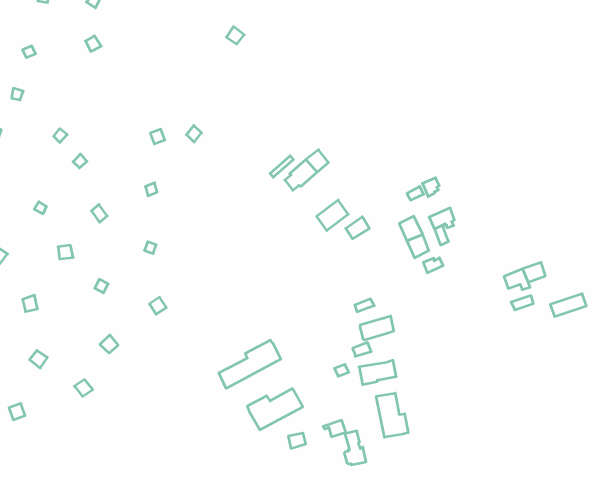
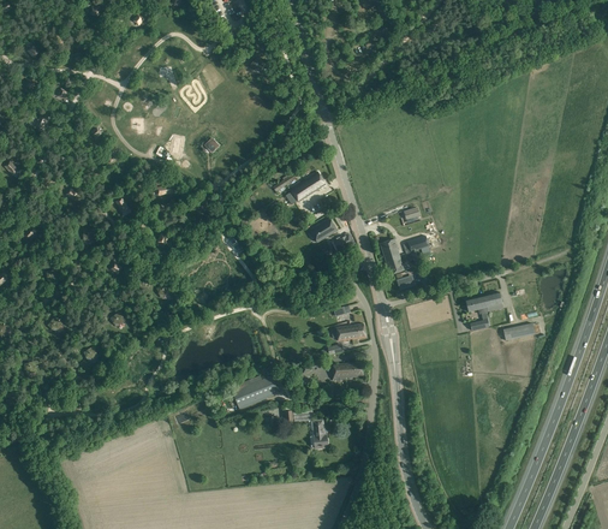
building: [219,340,281,388] -> none
building: [376,393,408,437] -> none

